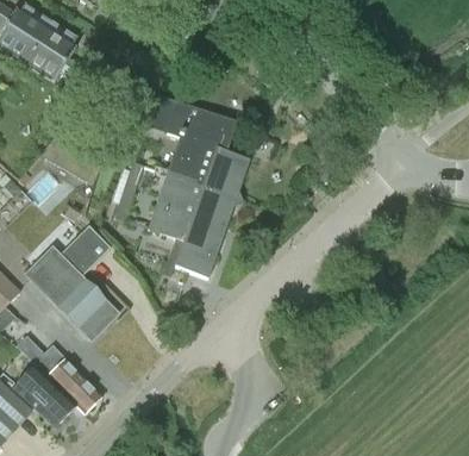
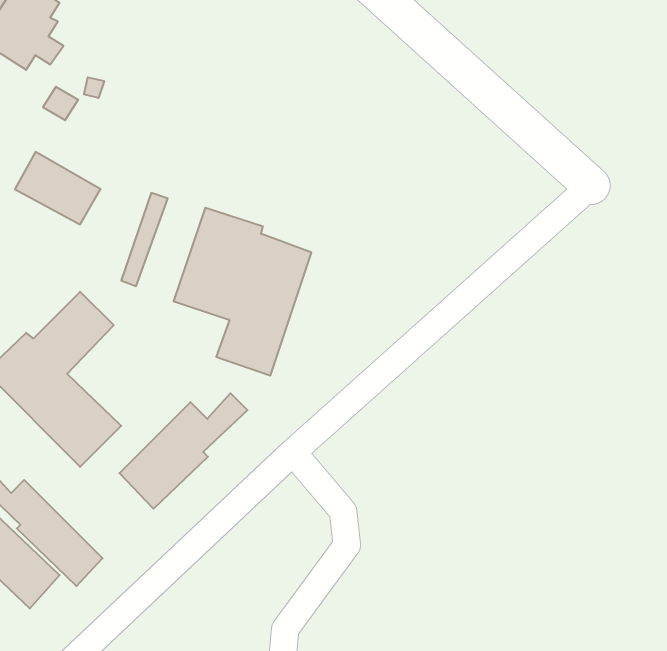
building: [146,94,250,199] -> none
building: none -> [119,393,247,509]

